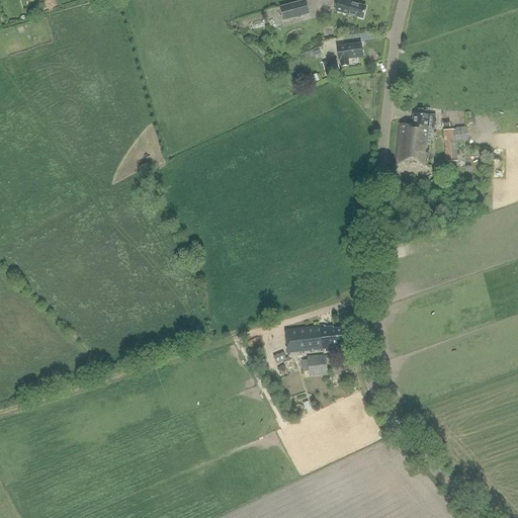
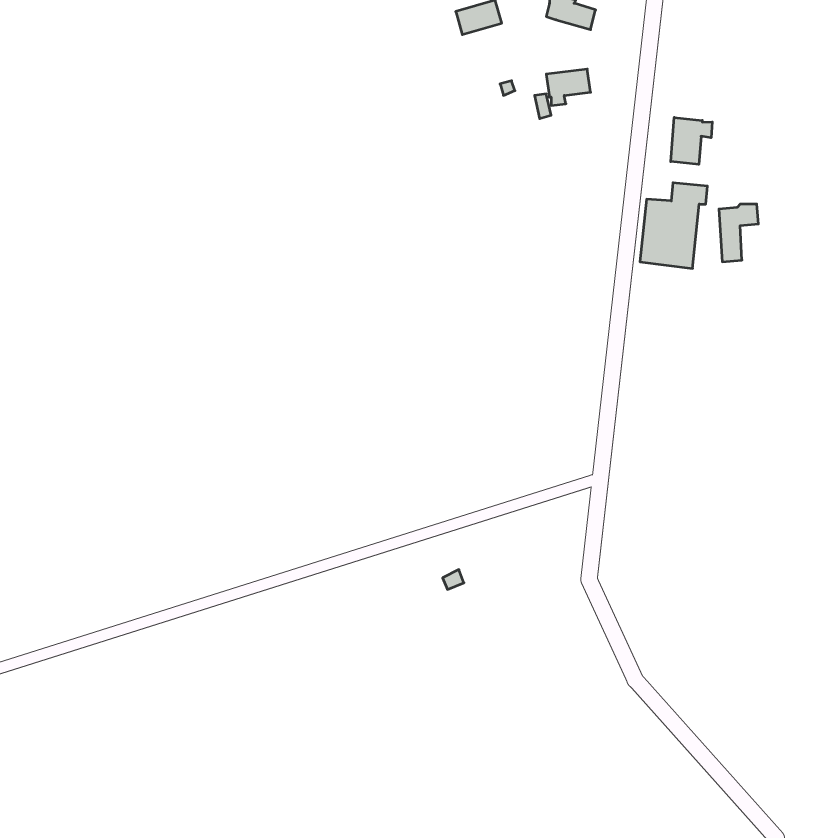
building: none -> [671,117,712,164]
building: [285,324,344,351] -> none
building: [301,353,331,375] -> none

